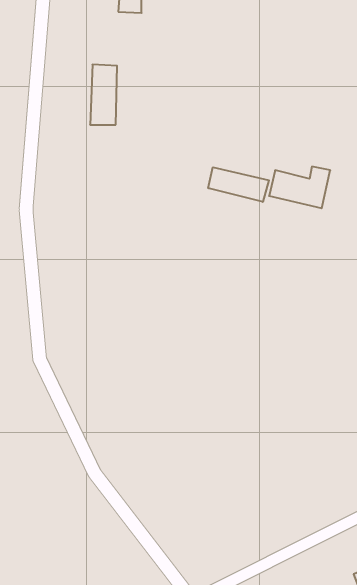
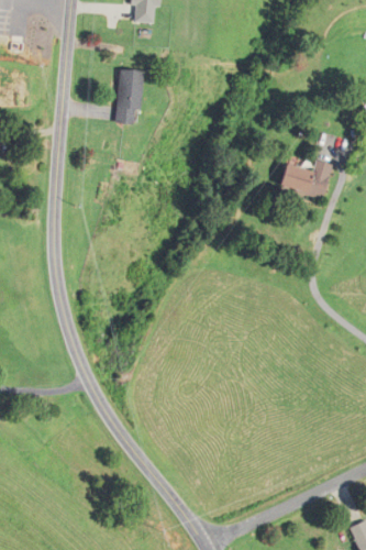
building: [208,167,269,202] -> none

